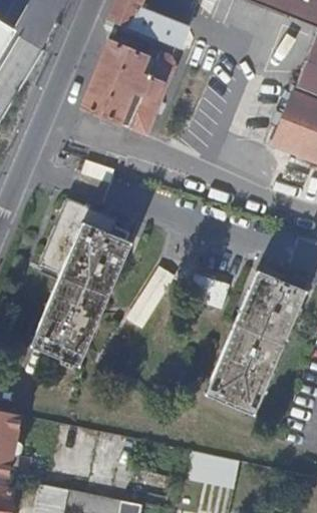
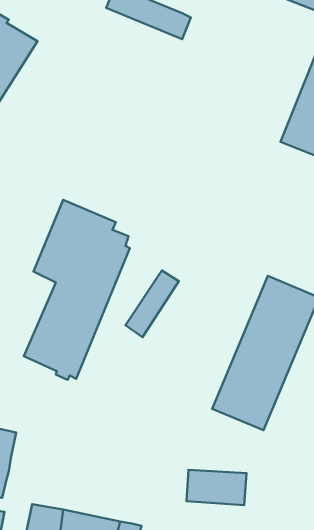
building: [81,41,174,135] -> none

